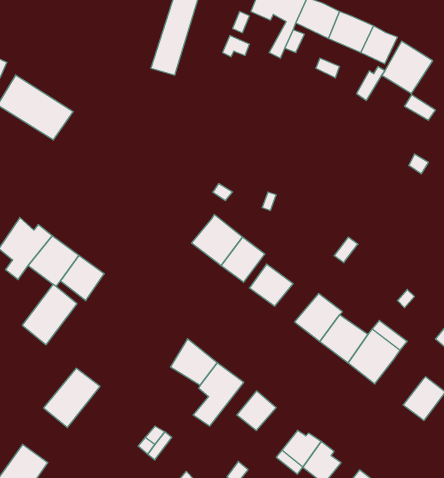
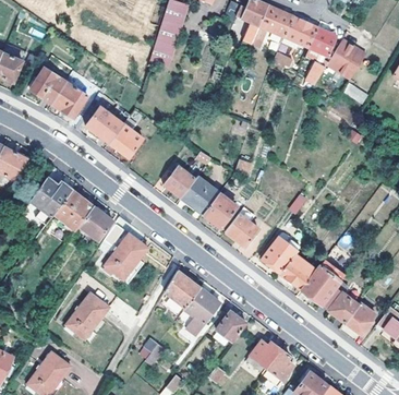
building: none -> [85,105,143,157]
building: none -> [165,166,195,196]
building: [22,284,77,345] -> [105,234,147,280]
building: none -> [322,286,359,322]

